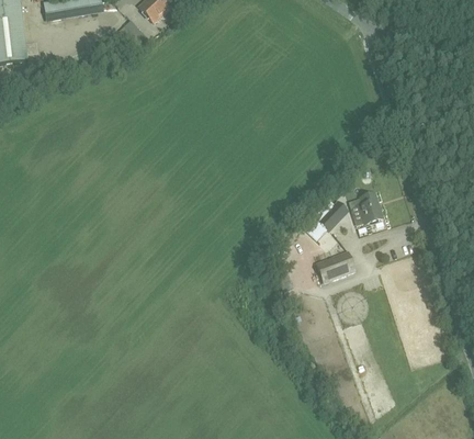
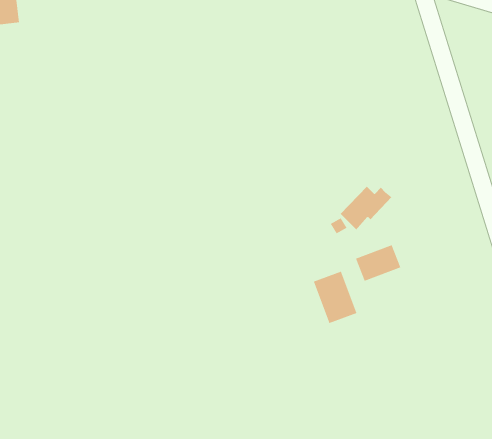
building: [359,191,383,223] -> none
building: none -> [313,271,357,324]

